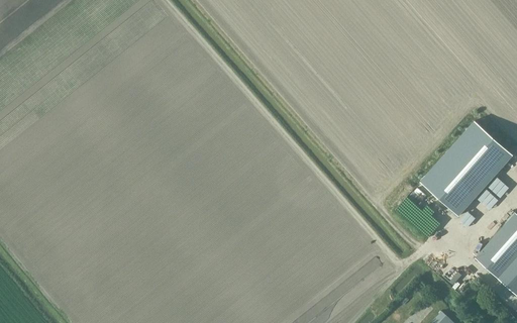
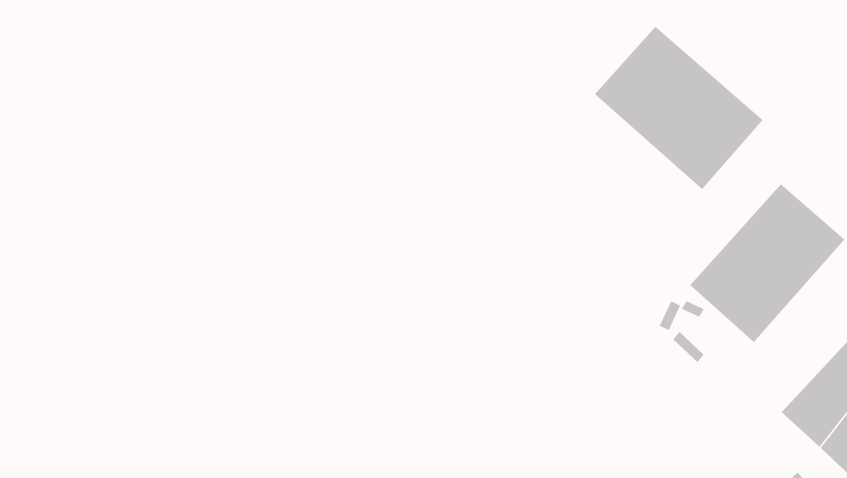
building: none -> [594,26,763,190]

